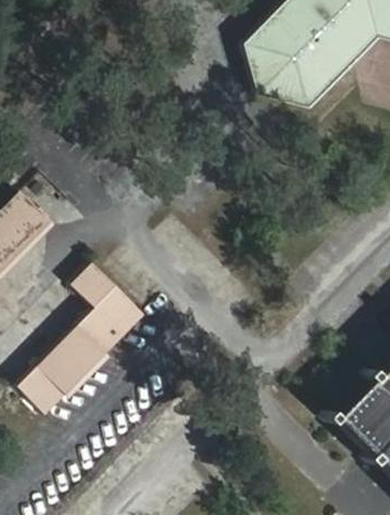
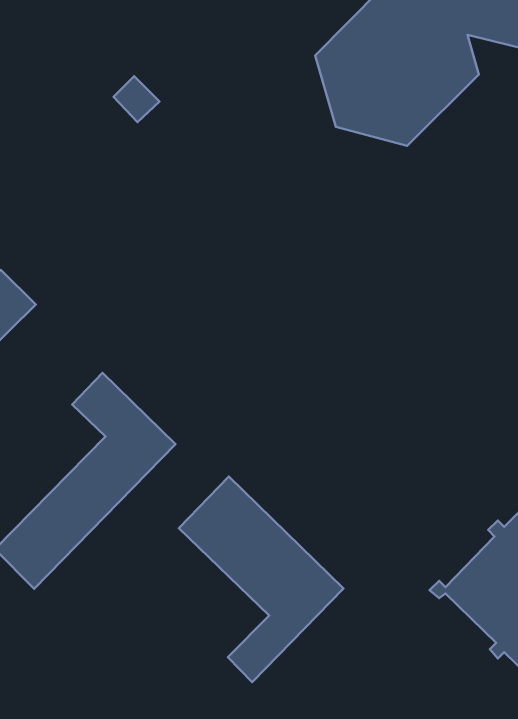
building: none -> [179,477,343,682]

